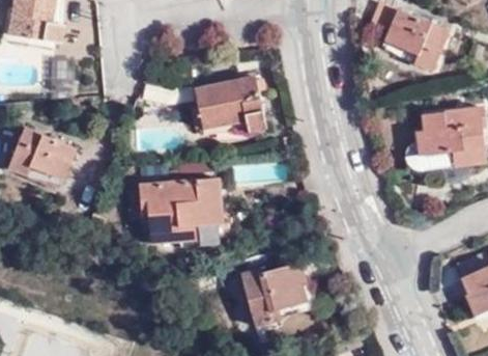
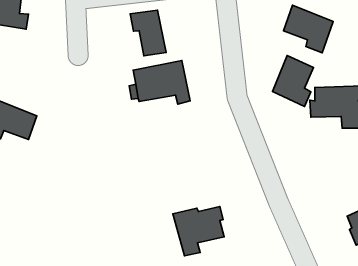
building: none -> [130,10,166,56]
building: none -> [272,55,314,106]
building: [137,177,218,247] -> none

